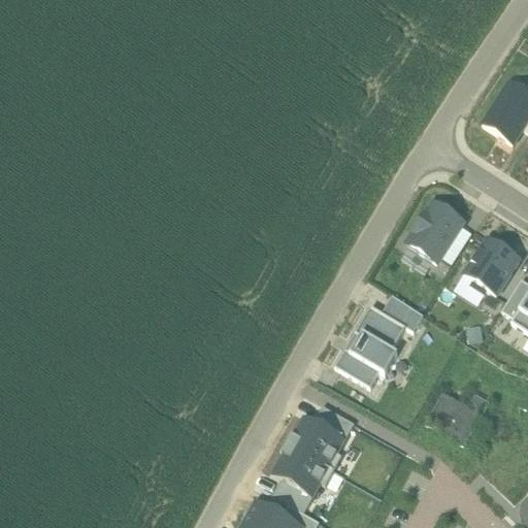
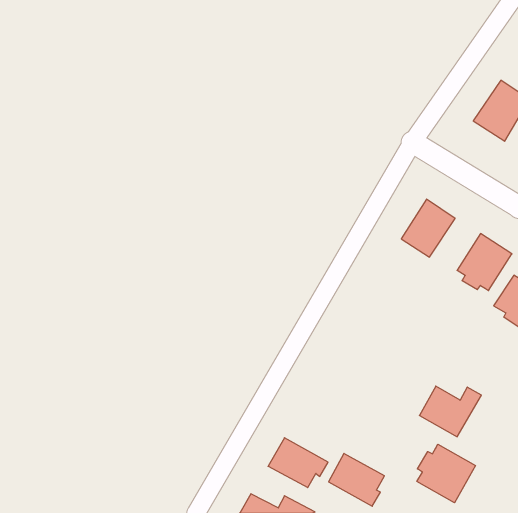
building: [335,294,425,387] -> none
building: [290,416,346,469] -> [329,453,384,506]
building: none -> [417,444,475,503]

